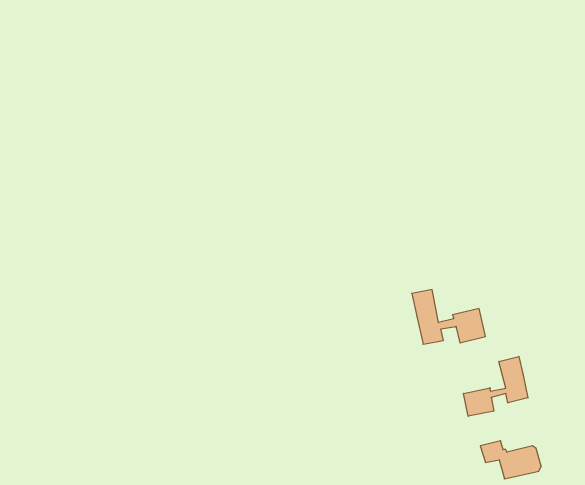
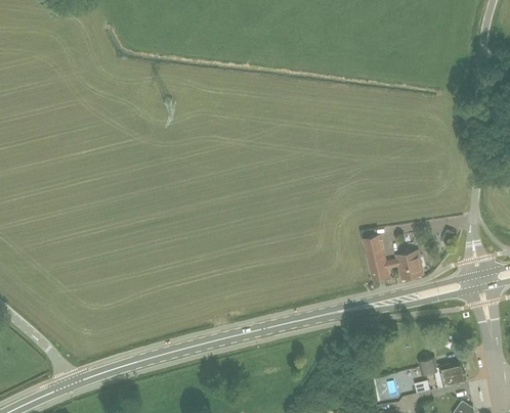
building: [463,356,528,416] -> none

